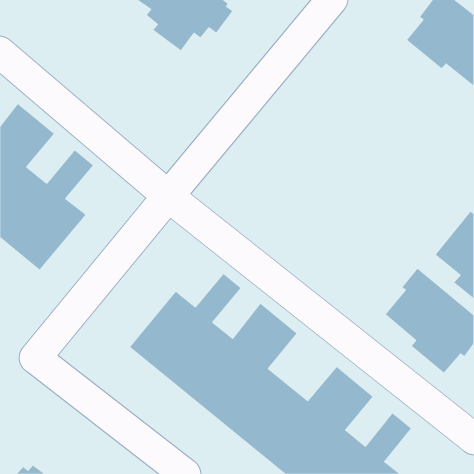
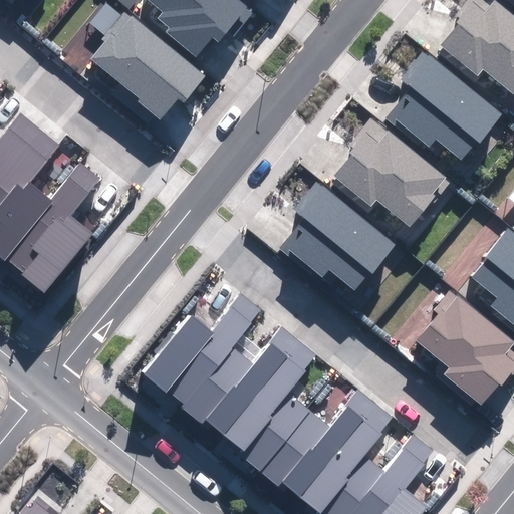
building: none -> [91,11,204,118]
building: none -> [382,49,504,163]
building: none -> [325,126,447,223]
building: none -> [279,181,393,289]

